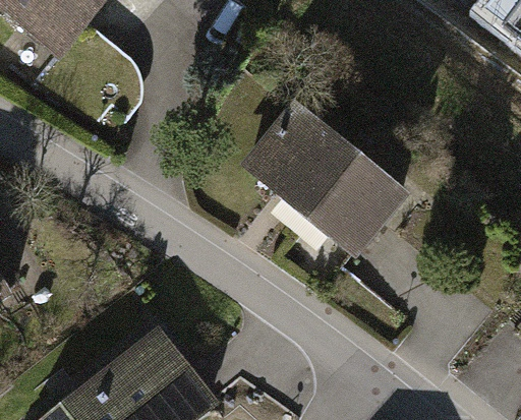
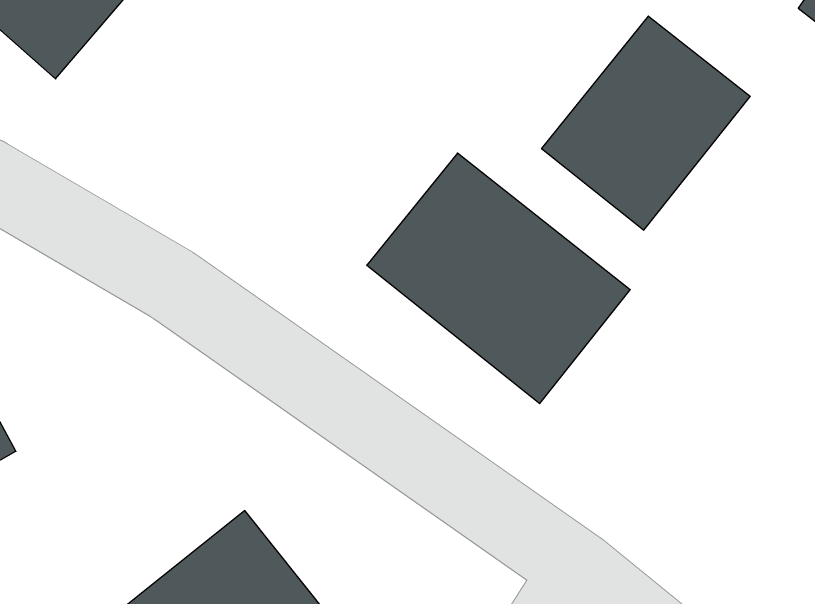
building: none -> [542,16,750,230]

